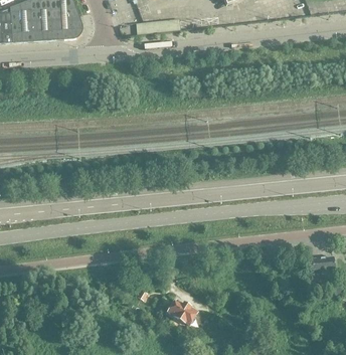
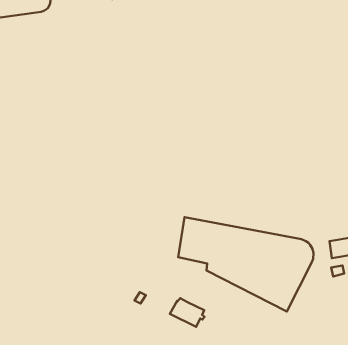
building: none -> [178,217,314,312]

